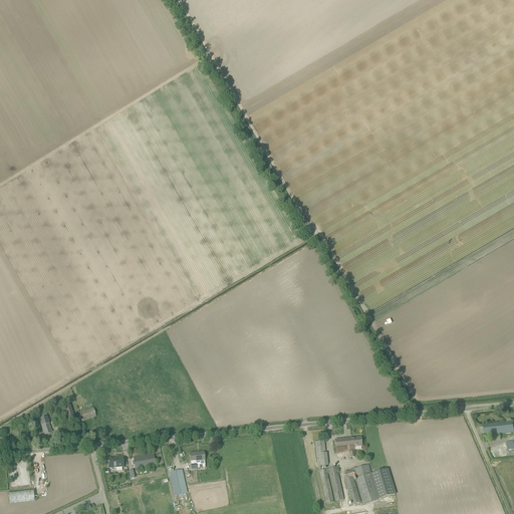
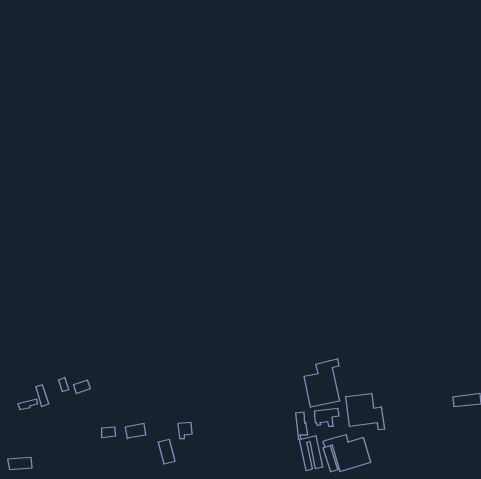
building: none -> [304,359,340,407]
building: none -> [346,393,384,430]

